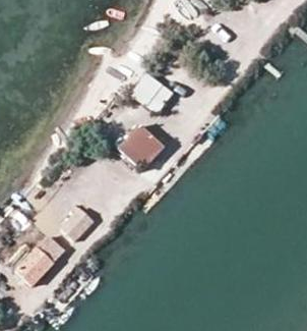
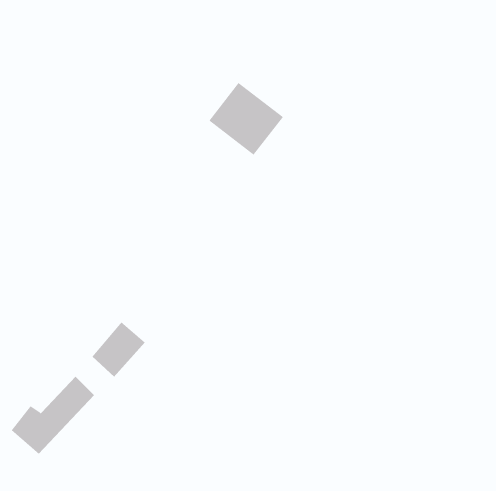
building: [120,125,162,169] -> none

